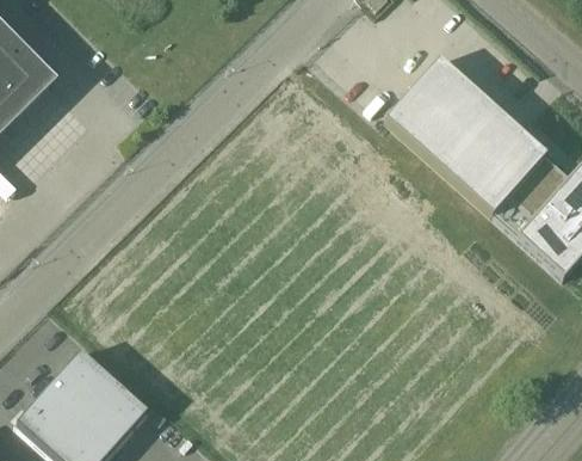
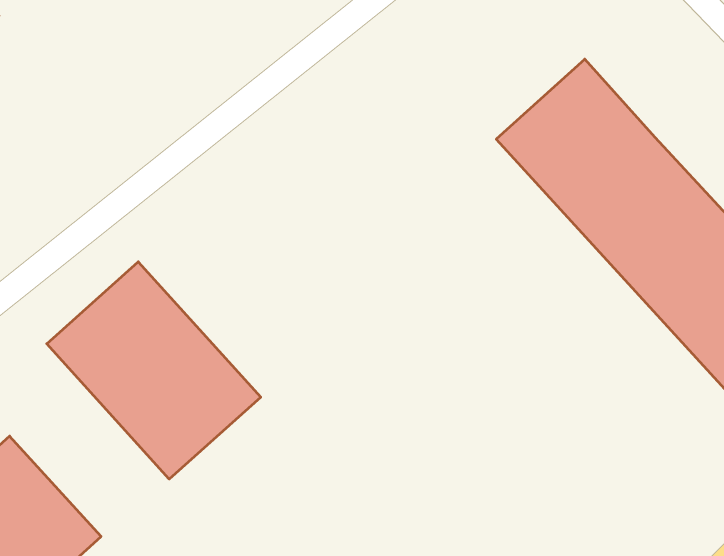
building: none -> [47,262,261,479]

